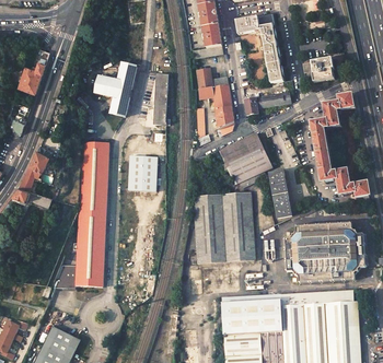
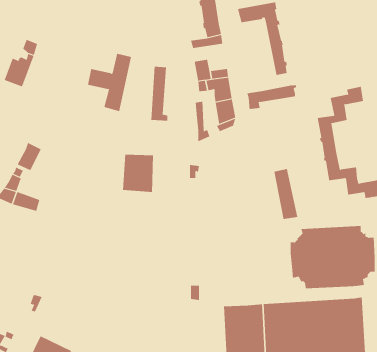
building: [309,58,332,82] -> none
building: [218,133,270,187] -> none
building: [74,142,111,288] -> none
building: [192,191,253,264] -> none

